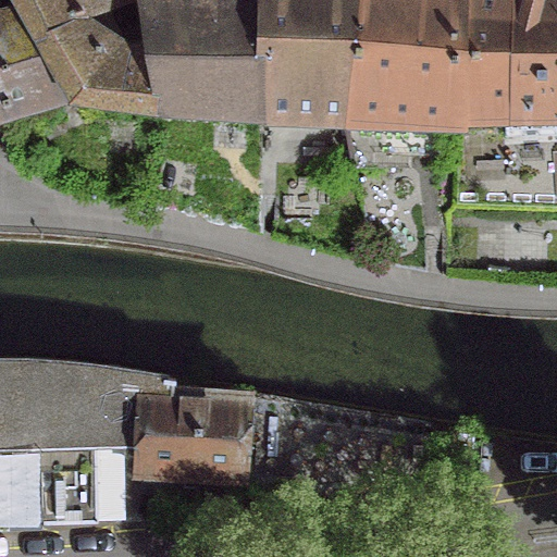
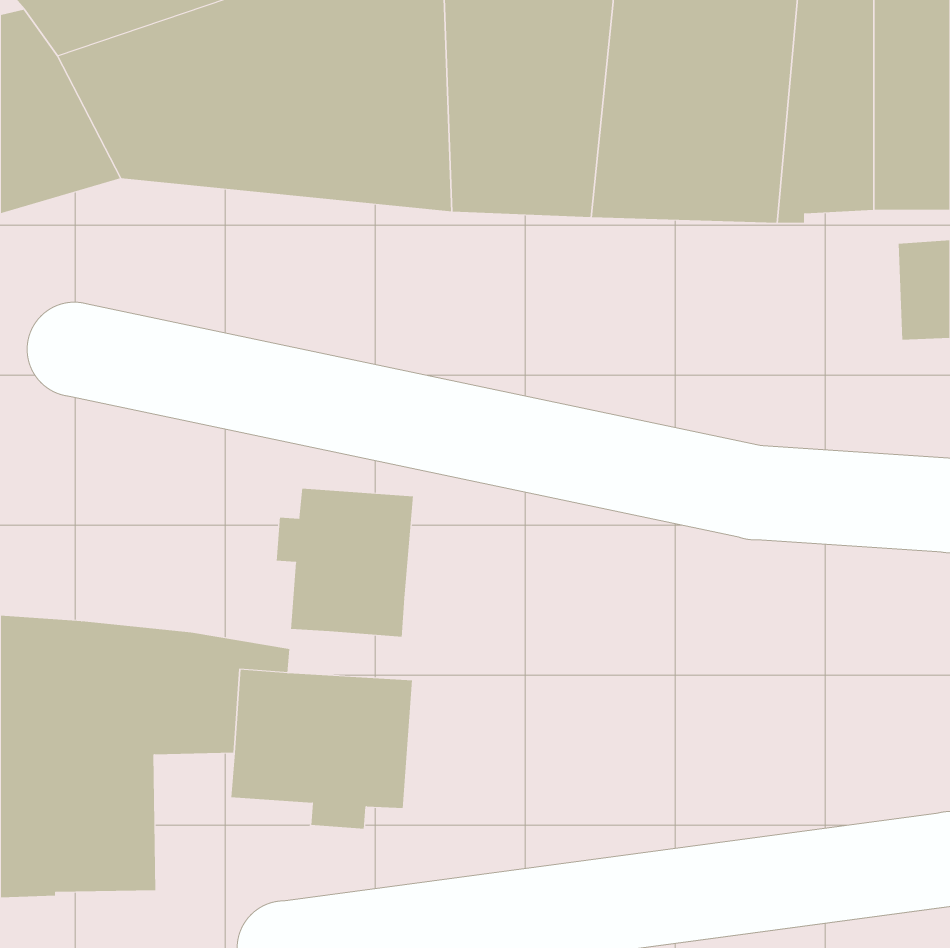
building: none -> [276,488,413,638]

